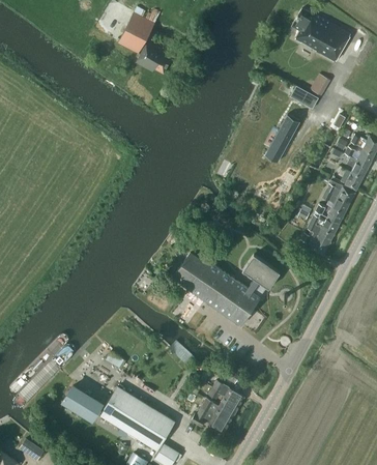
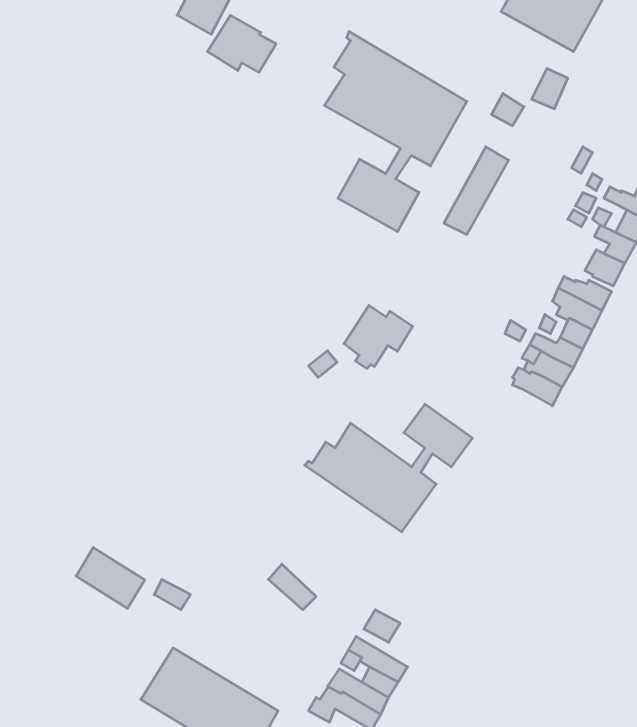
building: none -> [324,31,467,232]
building: [176,253,213,287] -> [344,305,413,368]
building: [63,385,100,418] -> [76,547,145,608]

